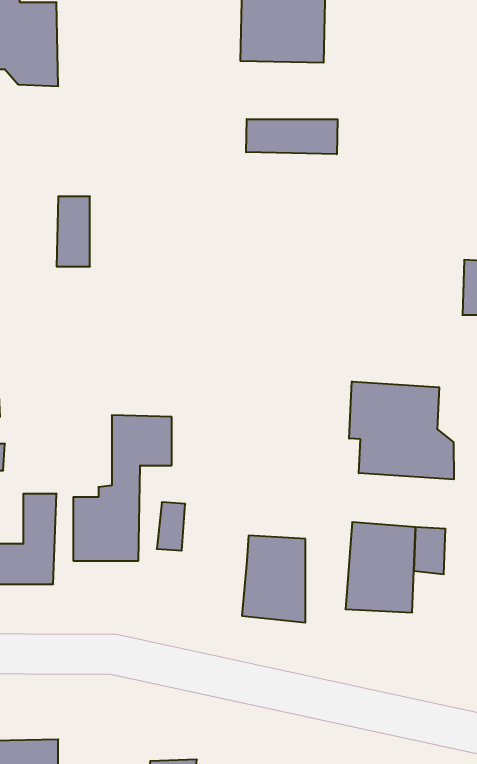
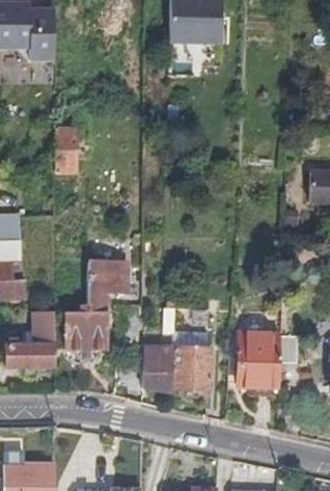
building: [246,119,338,154] -> none
building: [349,381,454,479] -> none
building: none -> [143,350,173,392]

